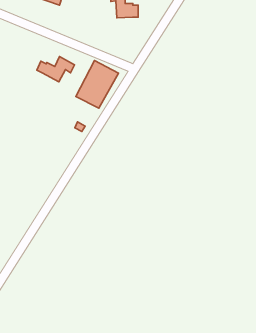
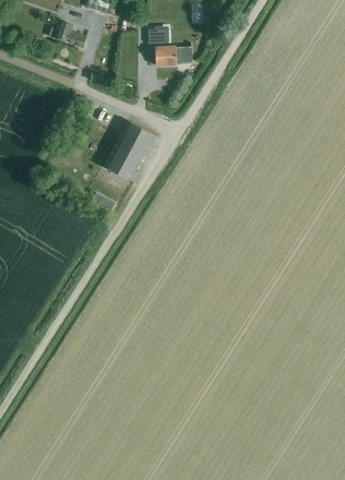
building: [37,56,74,82] -> none

